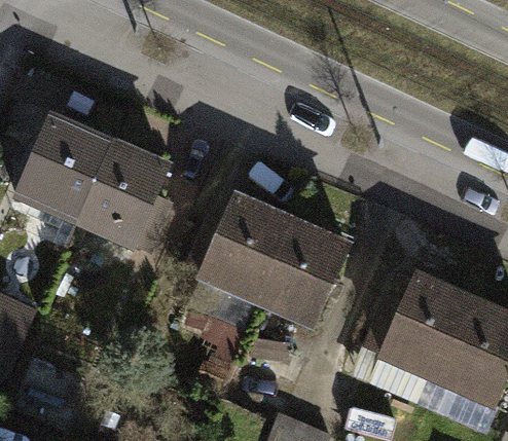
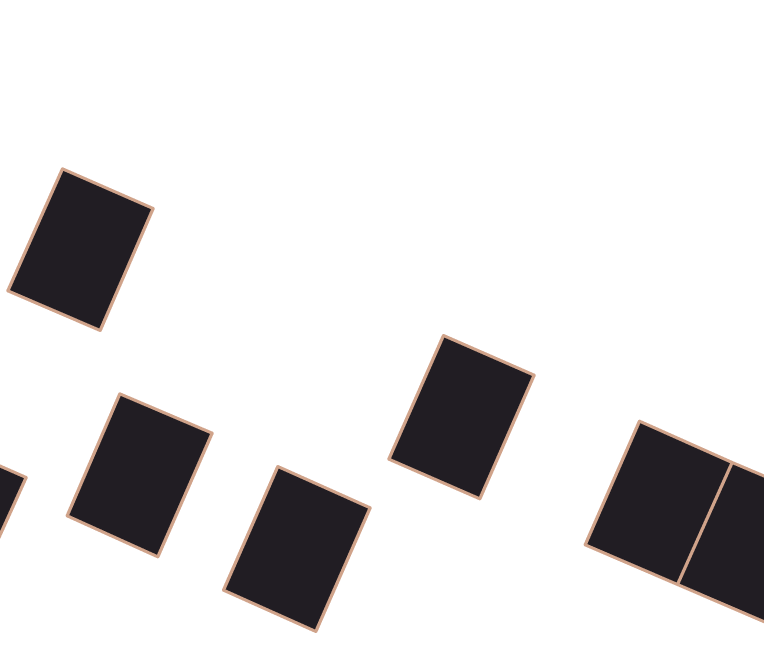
building: [77,143,168,245] -> [67,394,212,557]
building: [199,196,291,299] -> [223,467,370,631]

